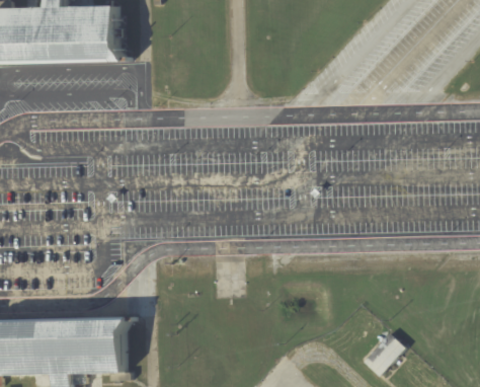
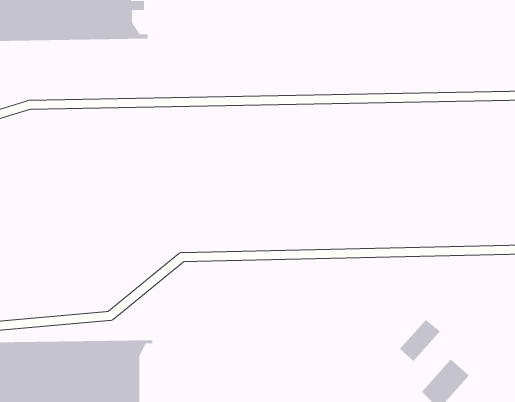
building: none -> [399,319,441,362]

